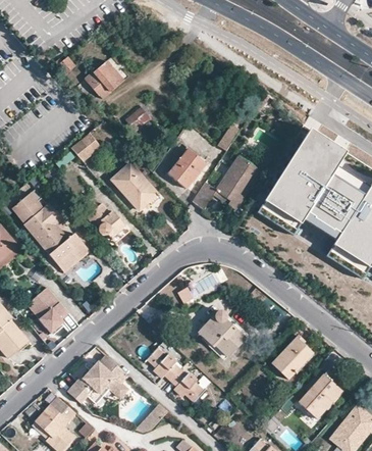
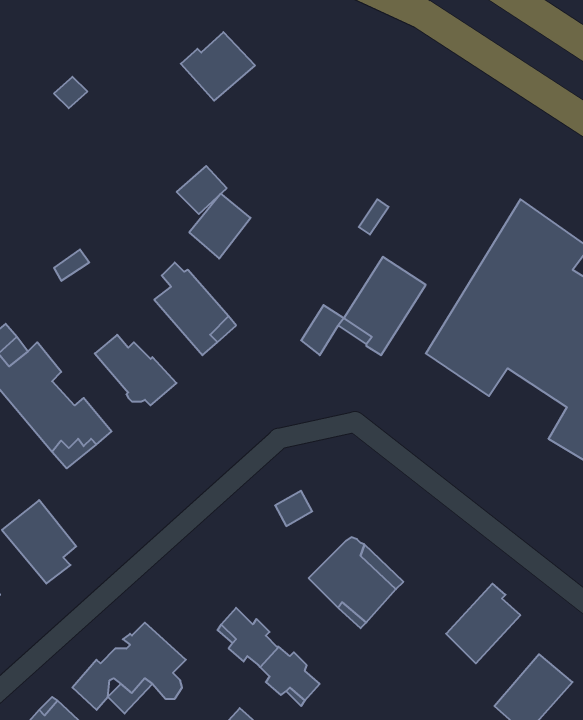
building: [84,60,124,98] -> [181,32,255,101]
building: [69,133,99,160] -> none
building: [169,150,203,186] -> [189,194,251,259]

